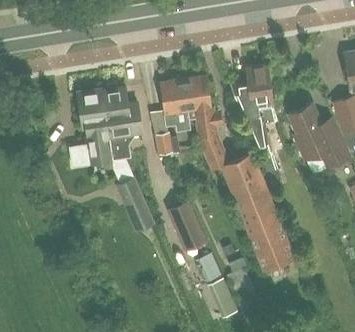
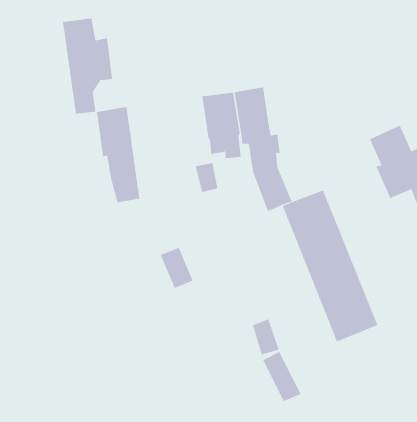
building: [231,65,276,172] -> none
building: [102,85,141,159] -> [62,18,113,114]
building: [166,199,206,250] -> none

